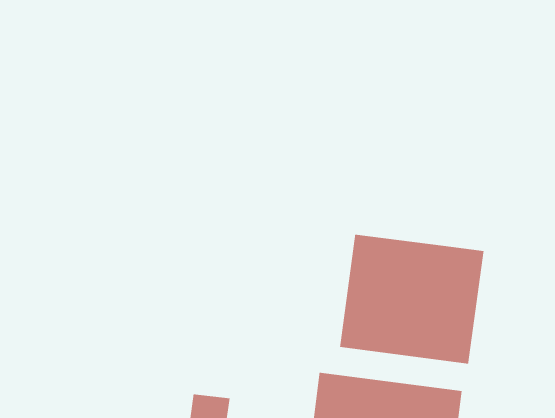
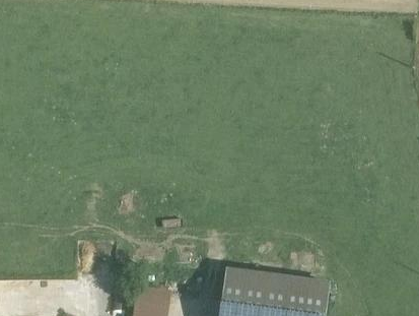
building: [339,234,484,364] -> none

